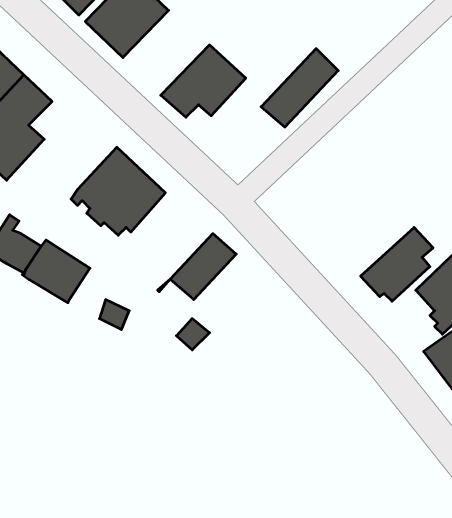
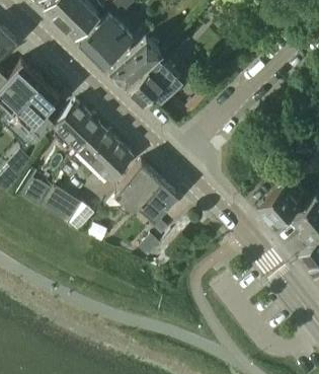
building: [261,49,338,127] -> [111,36,161,87]
building: none -> [51,101,101,158]
building: none -> [105,161,163,217]

